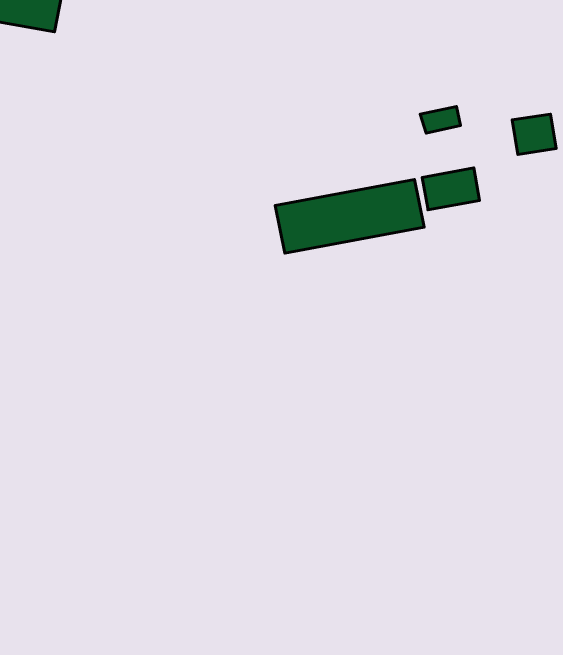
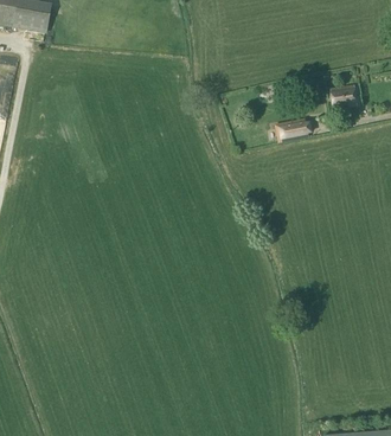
building: [275,180,424,253] -> none

